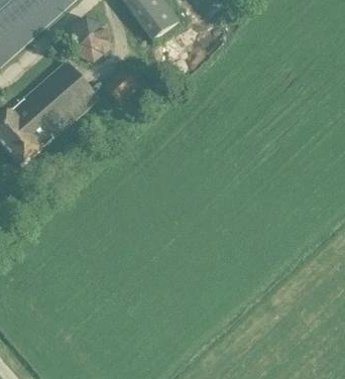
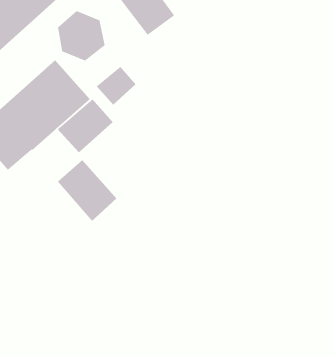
building: none -> [57,99,114,153]
building: none -> [57,159,117,222]

